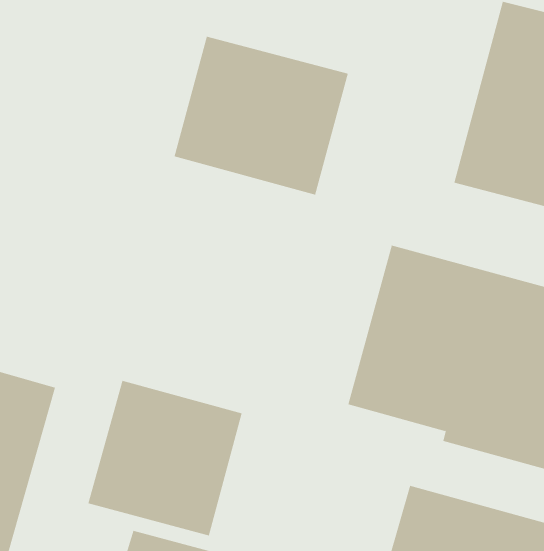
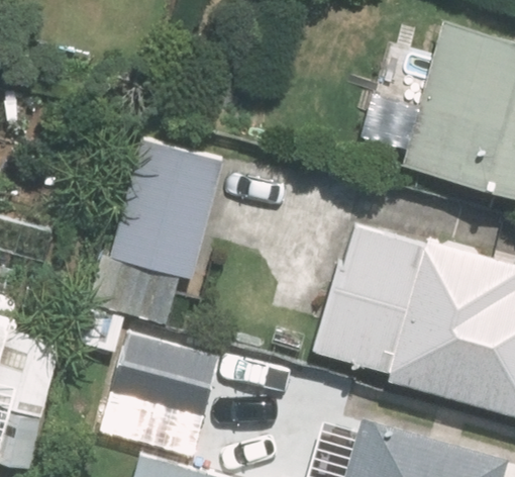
building: [174,36,349,196] -> none
building: none -> [84,141,228,331]

